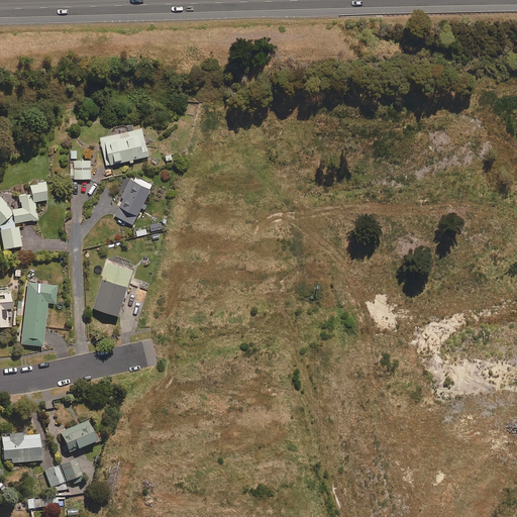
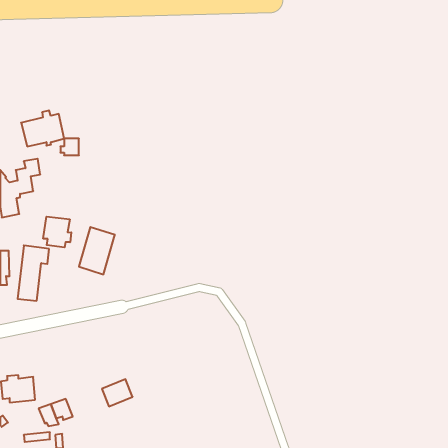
building: [100,123,149,165] -> [21,110,64,146]
building: [115,177,152,225] -> none
building: none -> [43,217,71,247]
building: [60,421,95,452] -> [102,379,133,406]

